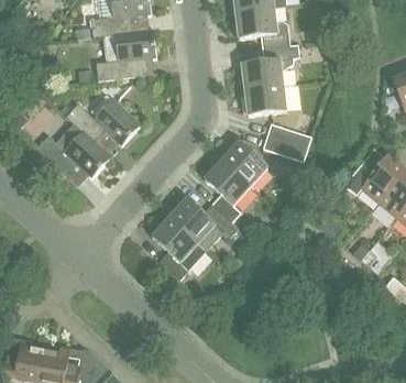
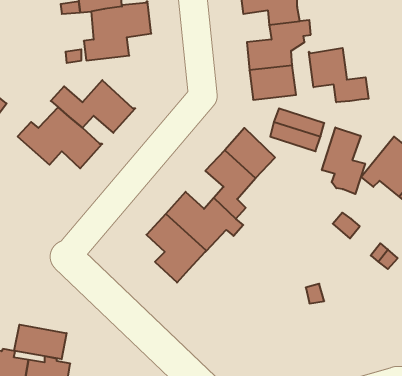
building: none -> [309,48,369,102]
building: none -> [322,127,365,194]
building: none -> [14,325,67,359]

